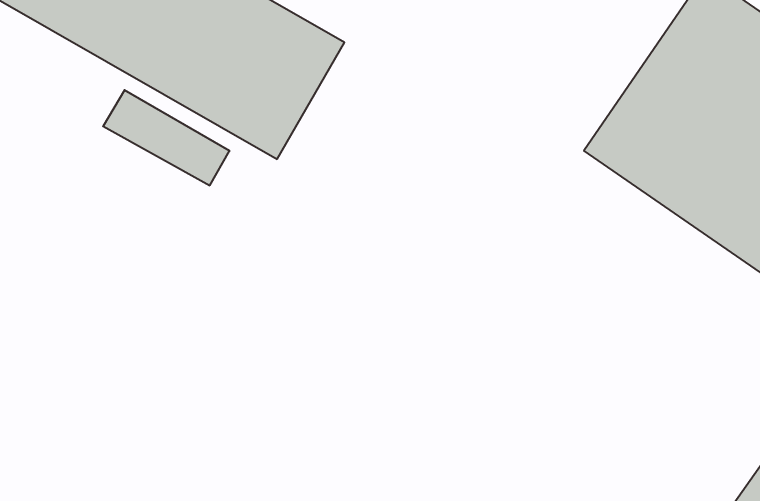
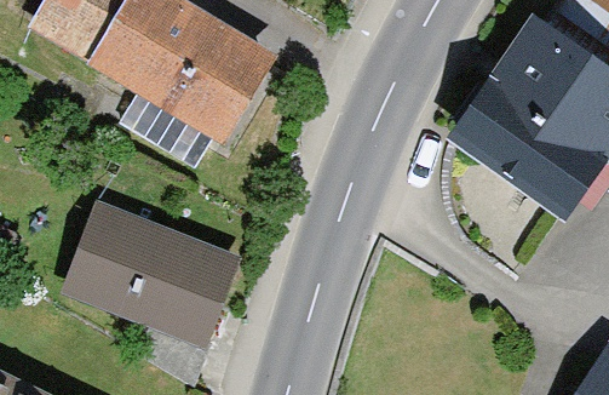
building: none -> [51,199,243,350]

